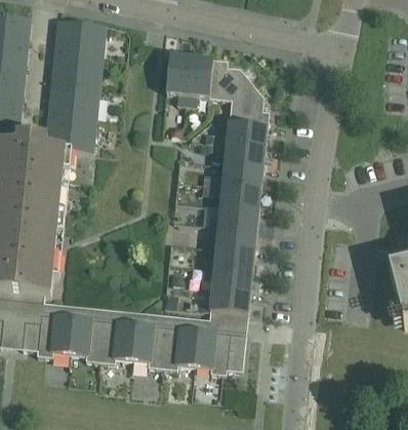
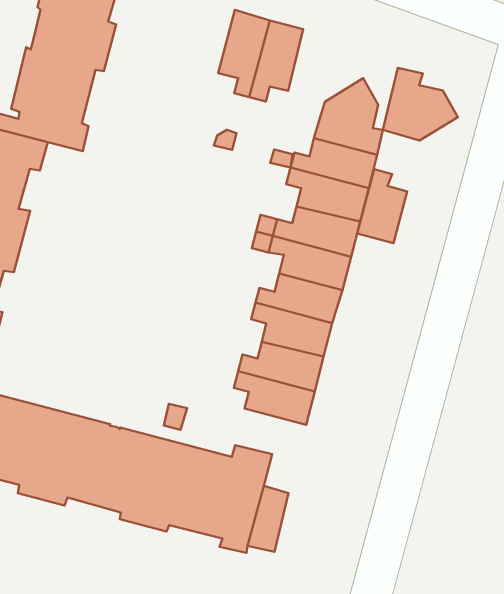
building: [209,60,252,101] -> [383,68,458,141]
building: none -> [357,169,407,243]
building: [201,289,250,315] -> none

